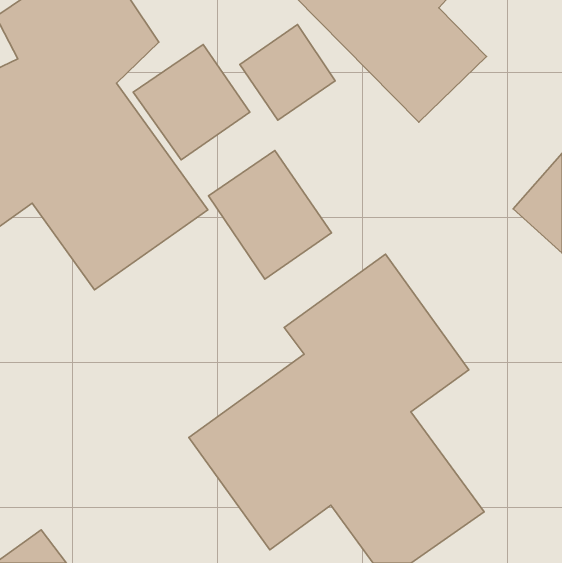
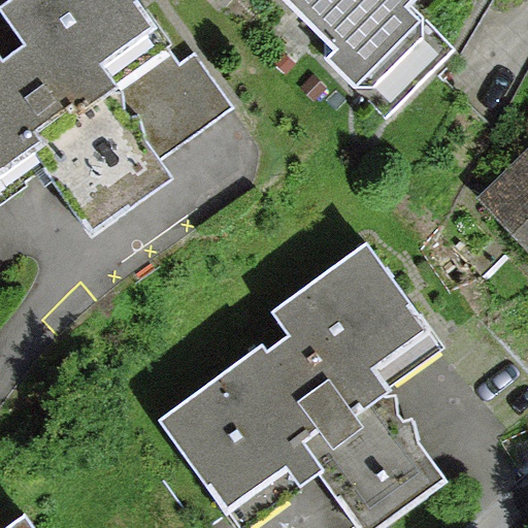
building: [240,25,335,120] -> none
building: [208,151,332,279] -> none

